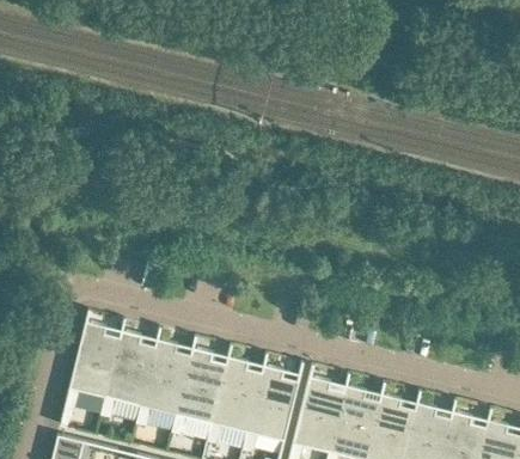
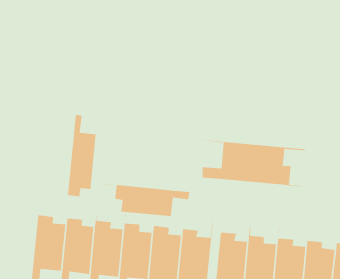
building: none -> [66,114,97,207]
building: none -> [185,138,306,187]
building: none -> [105,183,190,217]

